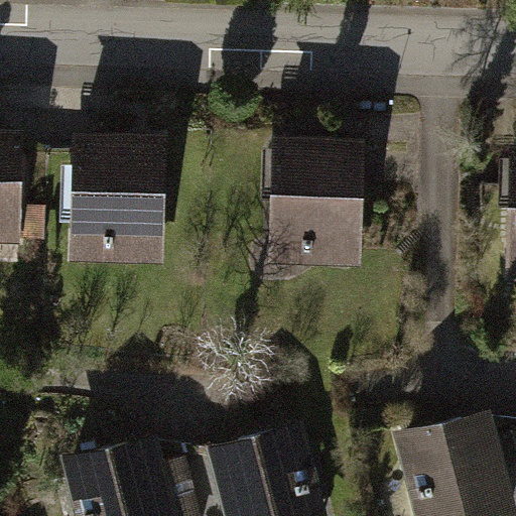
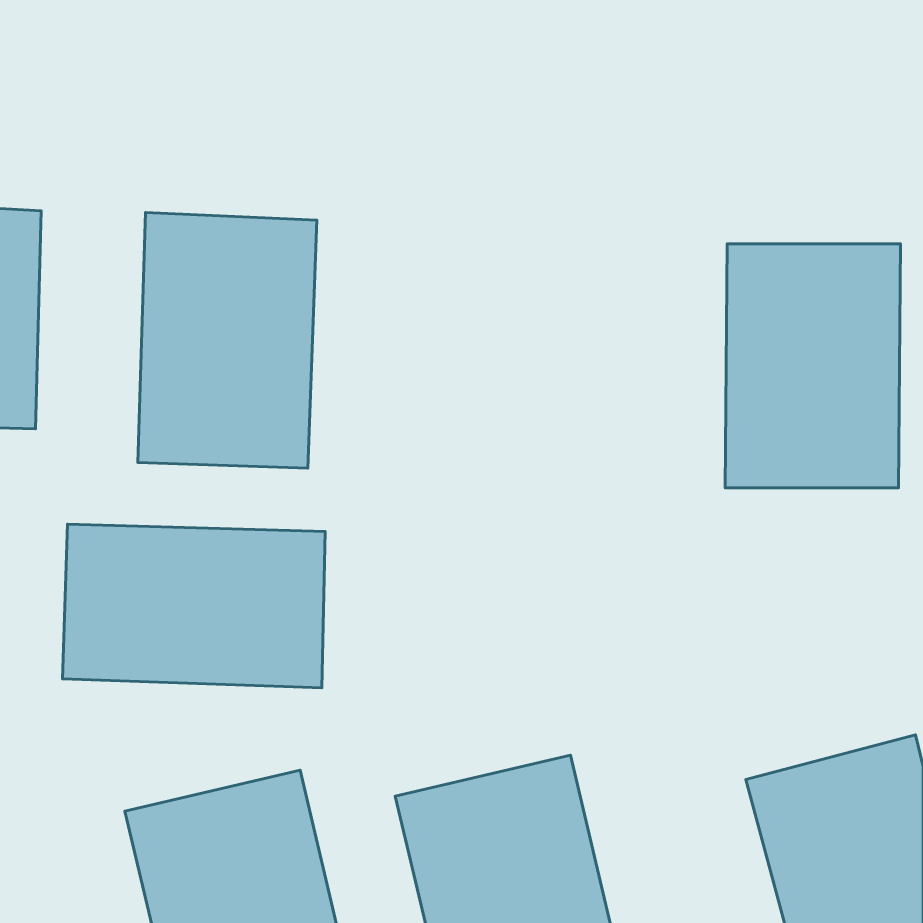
building: [272,135,367,267] -> [725,244,900,488]
building: none -> [62,524,325,688]

